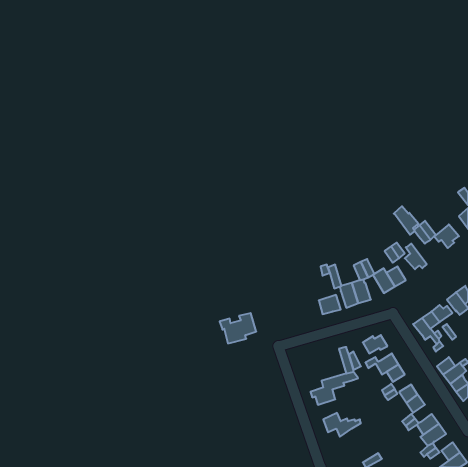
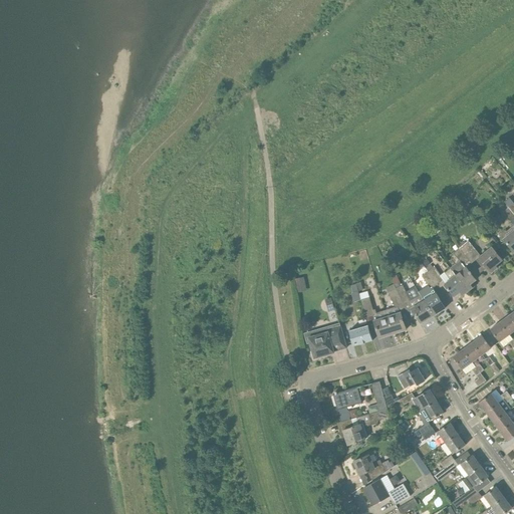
building: [394,206,418,235] -> [450,259,477,290]
building: [220,313,256,343] -> [305,323,345,356]
building: none -> [333,387,361,409]
building: none -> [364,479,413,505]

